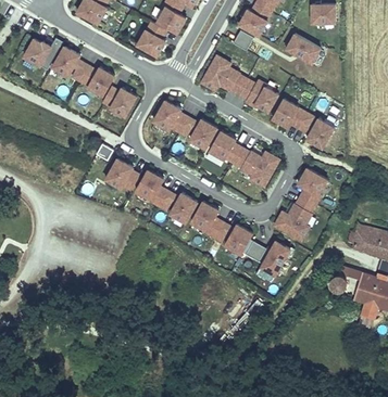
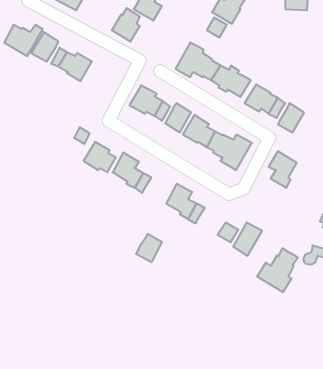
building: [286,34,321,63] -> none
building: [100,86,135,116] -> none
building: [168,193,196,222] -> [136,234,162,262]
building: [273,196,315,242] -> [257,248,298,292]
building: [224,225,251,254] -> none

